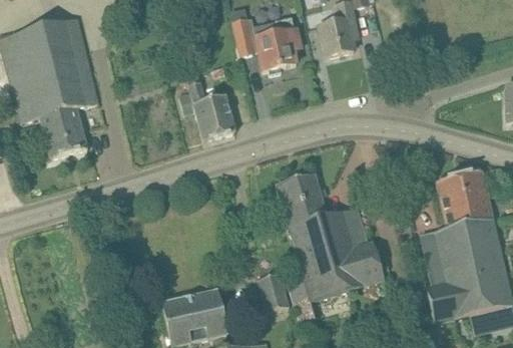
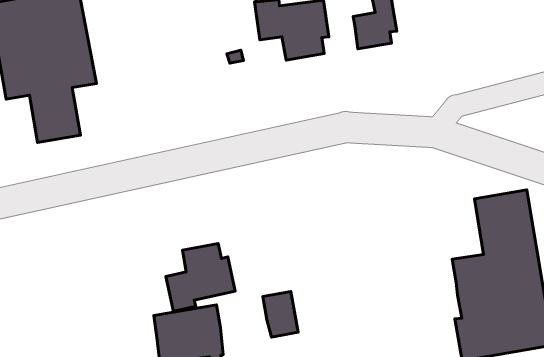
building: [178,72,234,139] -> none
building: [276,171,385,321] -> none
building: none -> [166,243,235,312]

